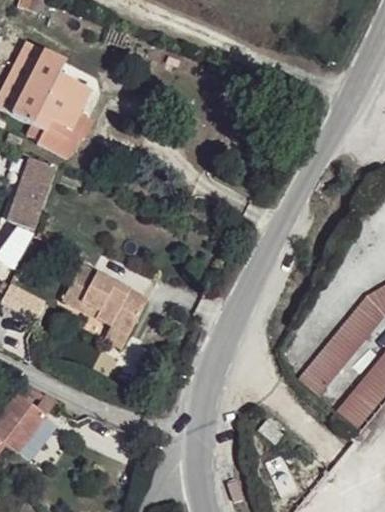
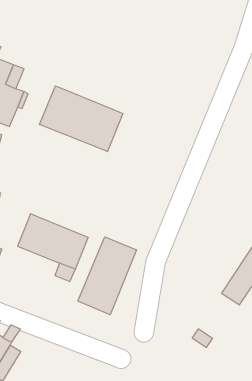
building: none -> [39,86,123,152]
building: none -> [78,237,137,315]

